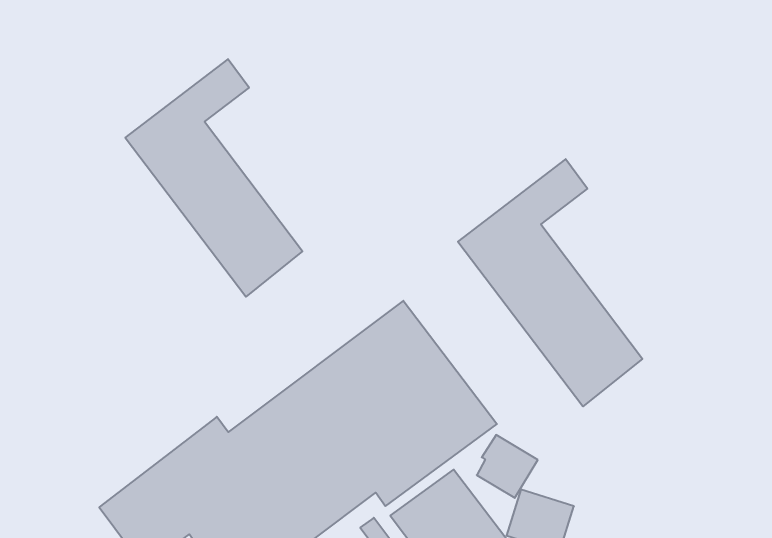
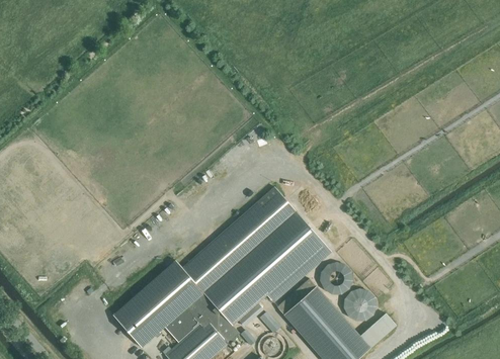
building: [125,59,302,297] -> none
building: [458,159,642,406] -> none

